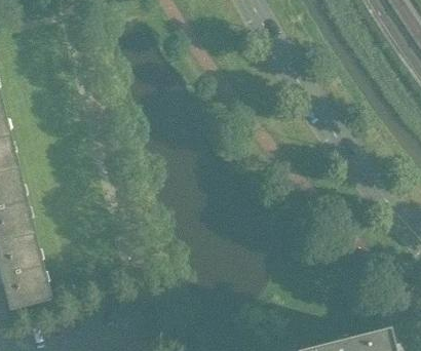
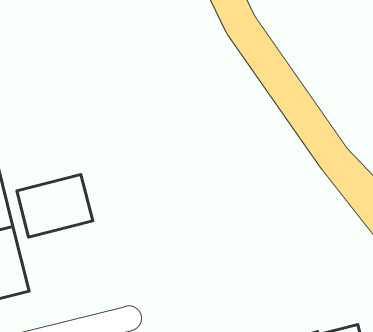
building: none -> [17,174,93,237]

